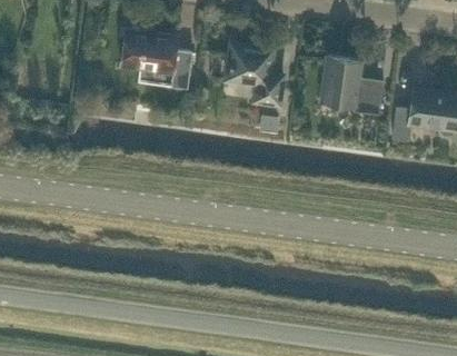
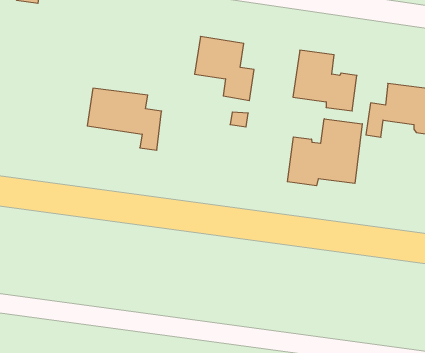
building: [120,31,192,91] -> [87,88,162,150]
building: none -> [287,119,362,186]

